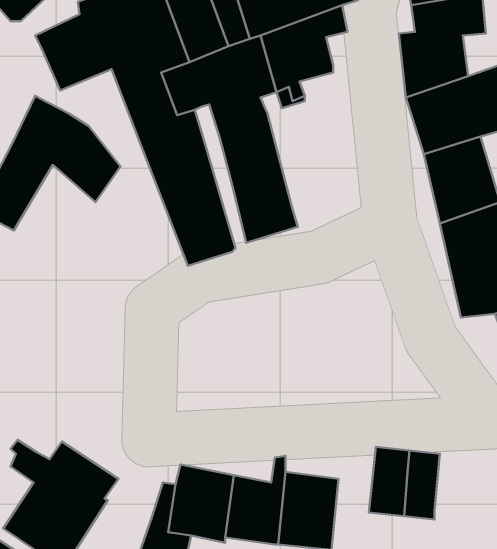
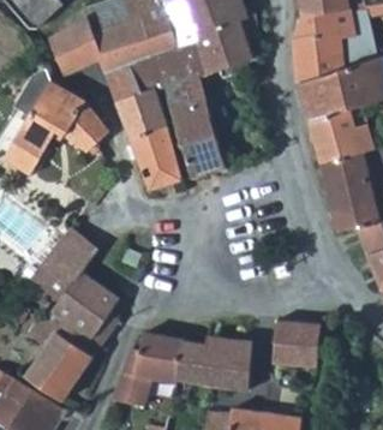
building: none -> [32,226,119,339]

